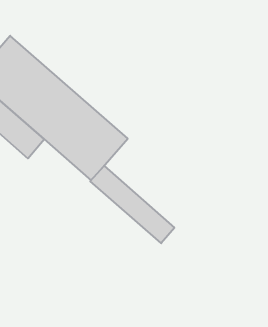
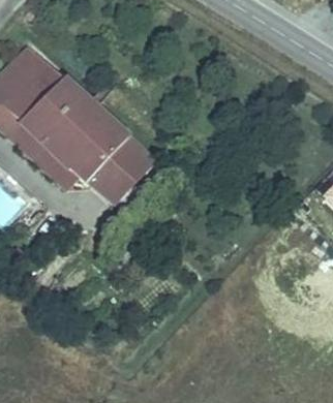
building: [90,166,174,243] -> none

